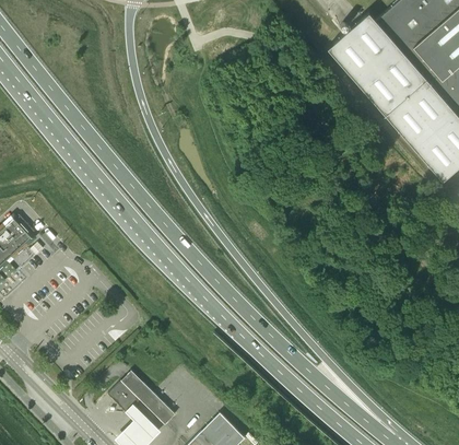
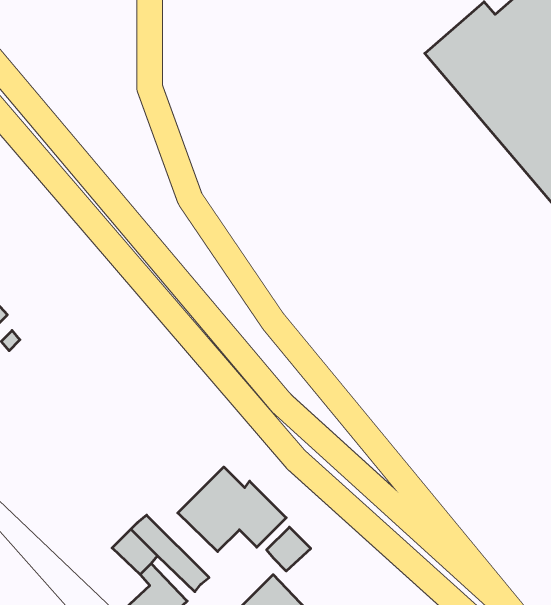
building: none -> [178,467,286,552]
building: none -> [267,527,311,571]

